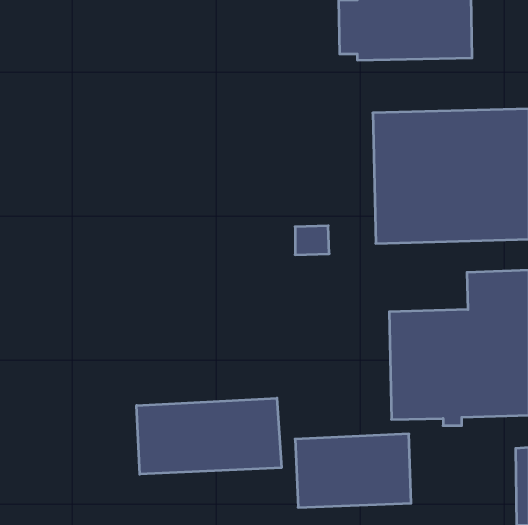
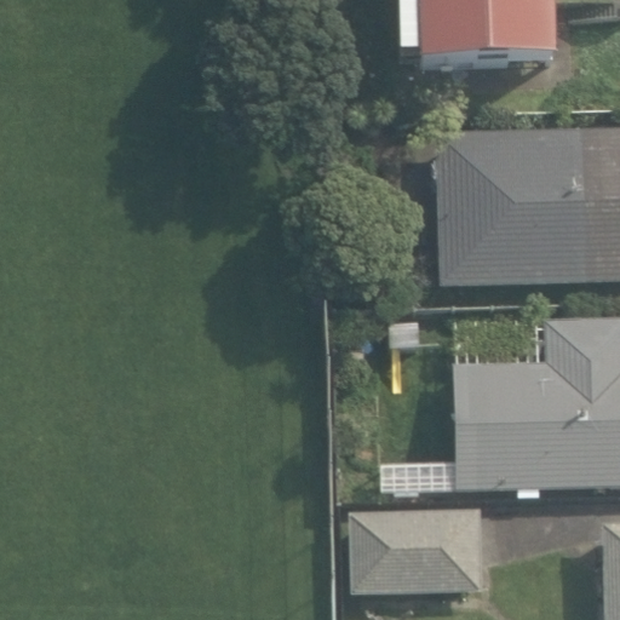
building: [137,398,281,474] -> none

